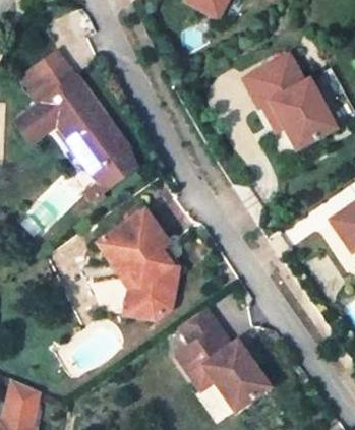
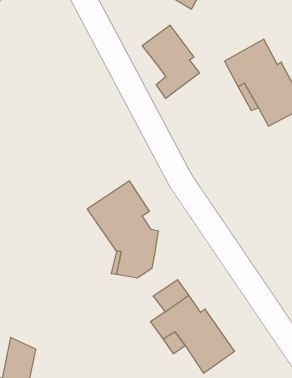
building: none -> [142,25,199,98]
building: [11,48,135,200] -> none

